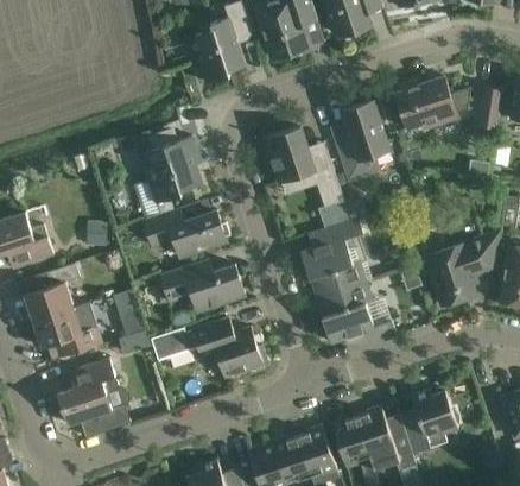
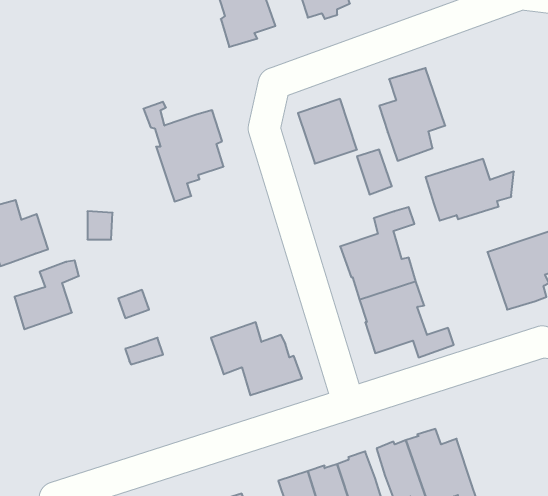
building: [395,77,470,130] -> [426,159,514,221]
building: [144,208,230,257] -> none
building: [160,258,245,310] -> none
building: [33,303,103,355] -> none
building: [151,327,197,359] -> none
building: [58,359,131,437] -> none
building: [399,390,458,454] -> none

